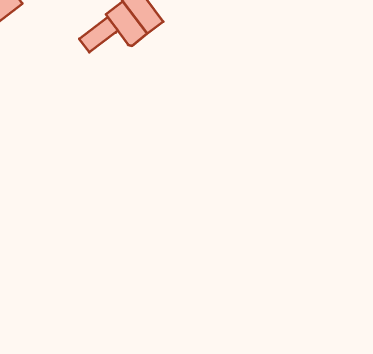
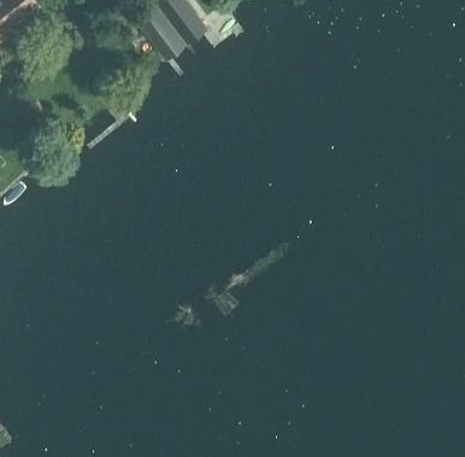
building: [79,17,118,52] -> none

